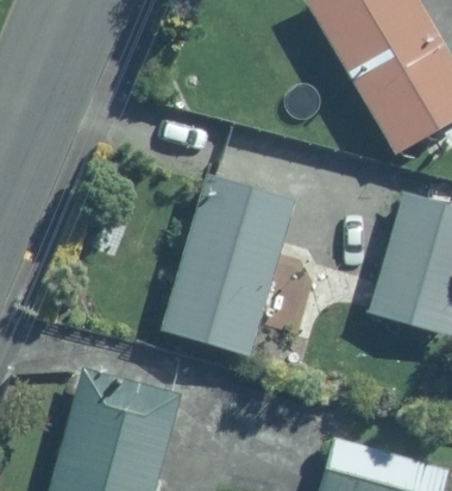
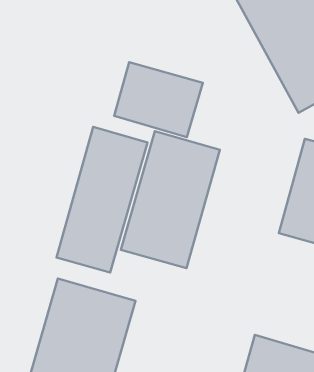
building: none -> [114,62,203,137]
building: none -> [56,127,147,272]

